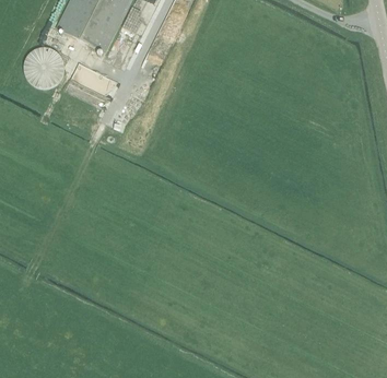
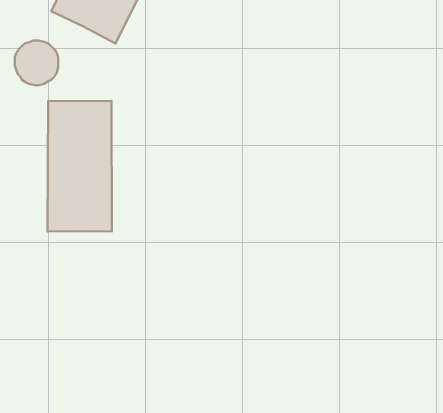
building: none -> [47,101,112,232]

